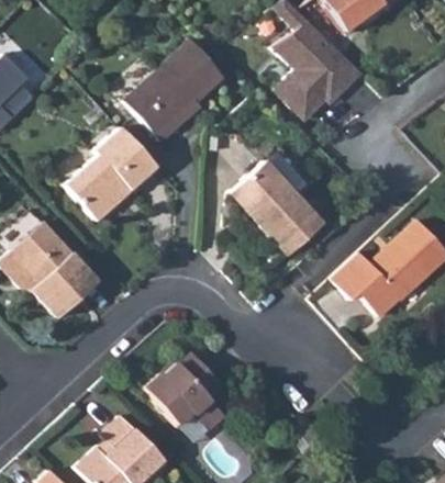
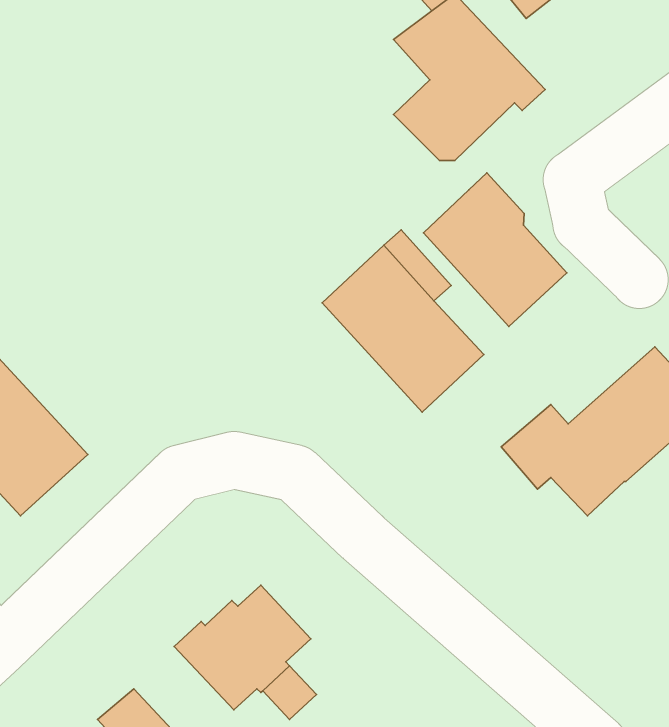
building: [125,42,223,144] -> none
building: none -> [423,173,567,326]
building: [65,130,155,224] -> none

